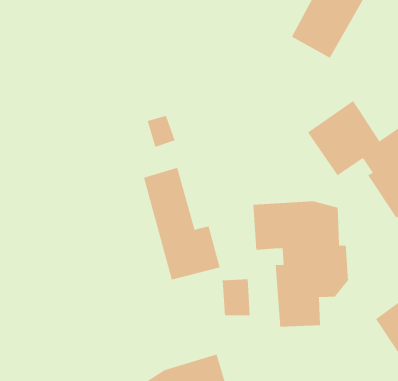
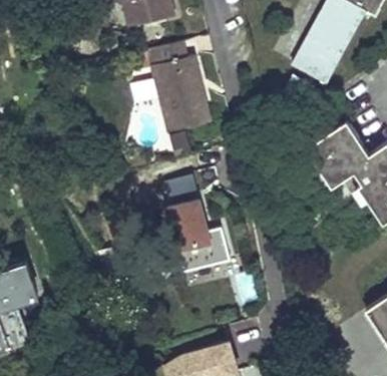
building: none -> [147,39,210,131]
building: [253,201,349,328] -> none

